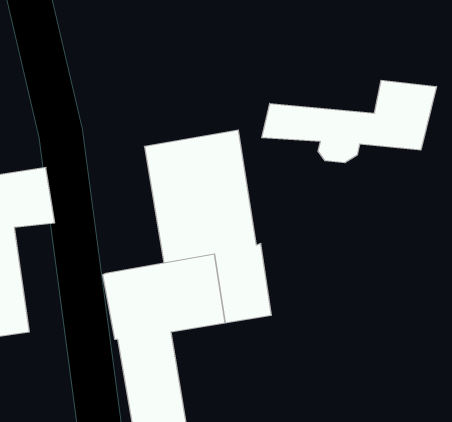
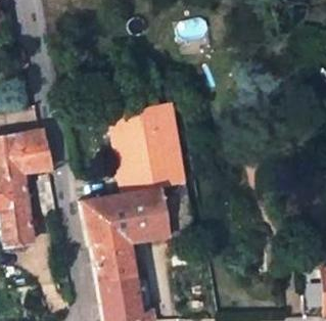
building: [262,80,436,163] -> none

